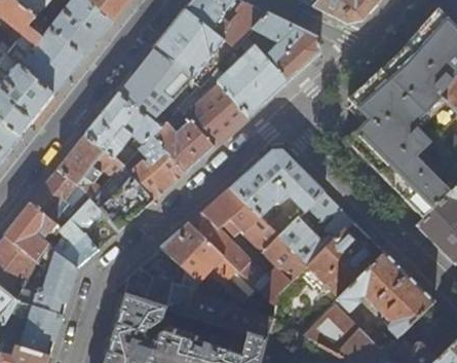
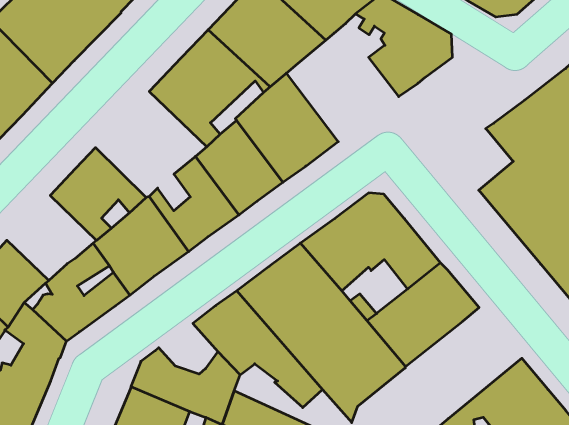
building: [211,36,288,116] -> none
building: [86,94,161,166] -> none
building: [32,170,92,227] -> none
building: [308,230,386,297] -> none

